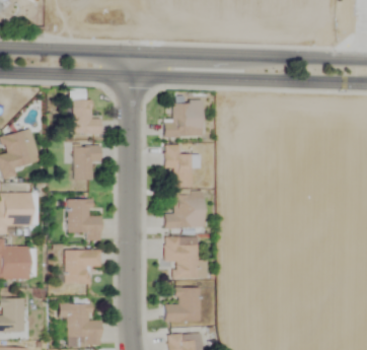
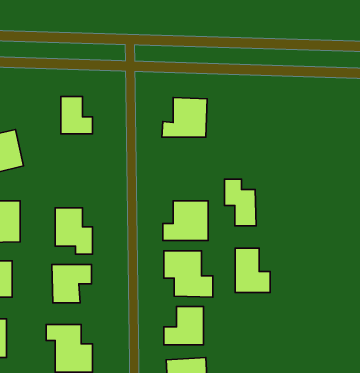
building: [165,145,194,187] -> [225,179,256,226]
building: [74,146,101,180] -> none
building: none -> [235,248,270,292]

